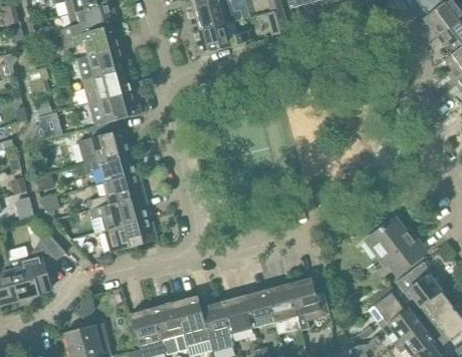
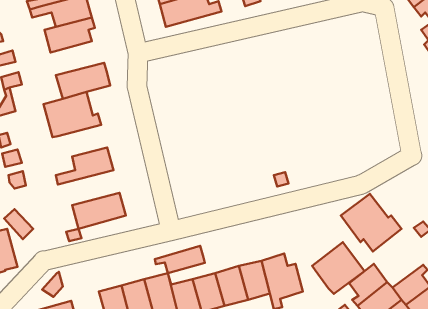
building: [82,70,135,103] -> none
building: [89,151,138,183] -> none
building: [89,196,150,230] -> none
building: [395,260,446,310] -> [312,242,365,294]
building: none -> [155,246,205,273]

